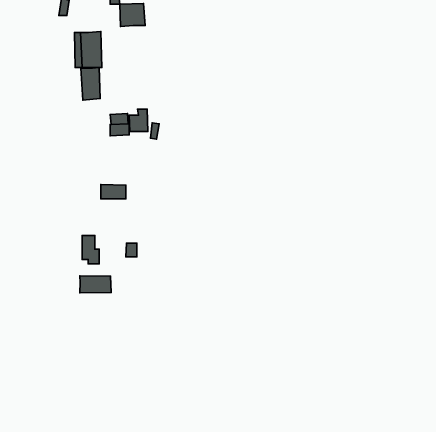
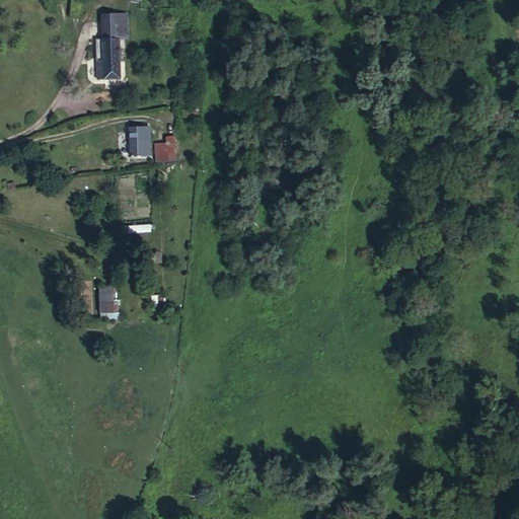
building: [120,3,145,26] -> [103,11,134,39]
building: [81,67,100,100] -> none
building: [80,276,111,293] -> none

